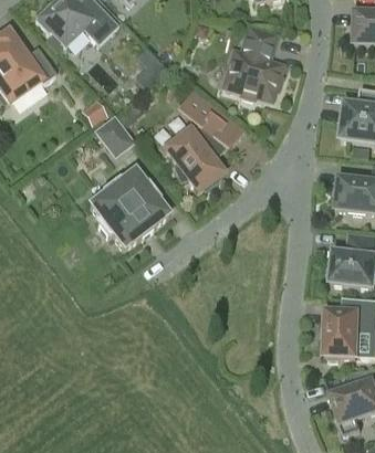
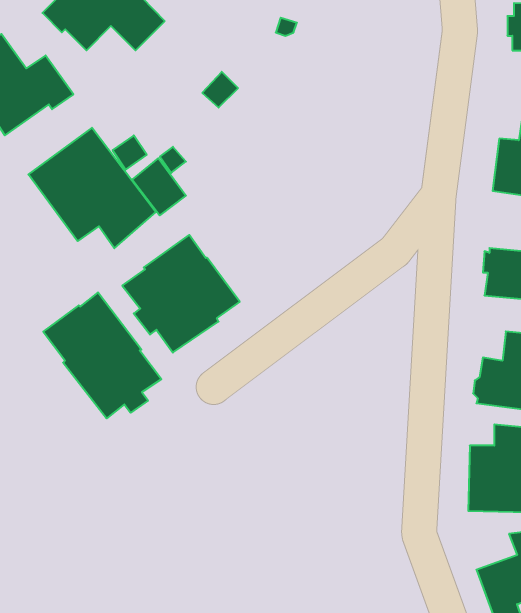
building: [225,27,282,98] -> none
building: [166,91,241,189] -> none
building: none -> [28,128,156,248]
building: none -> [43,292,161,418]

